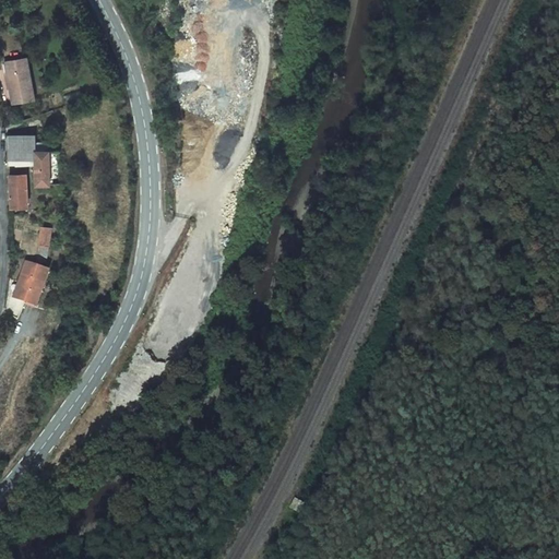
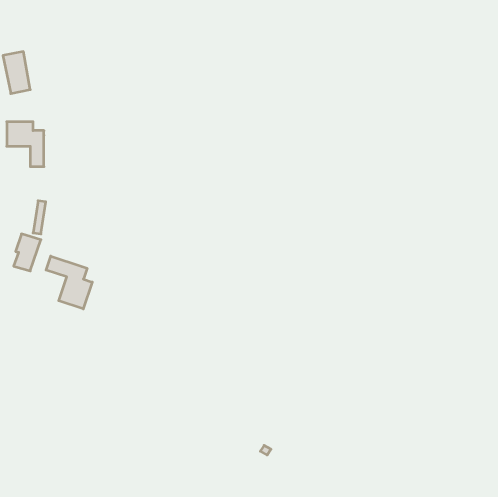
building: [9,175,26,212] -> none
building: none -> [46,256,92,309]

